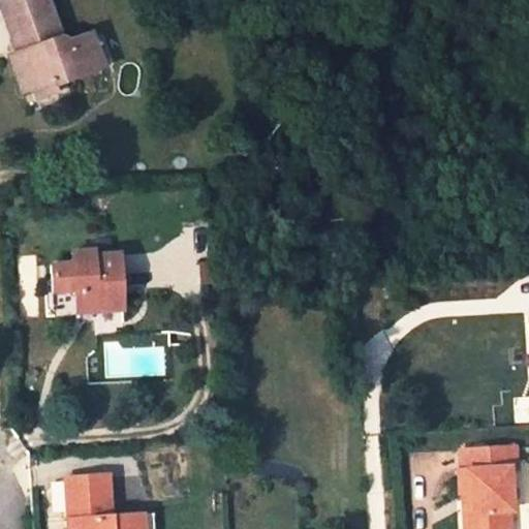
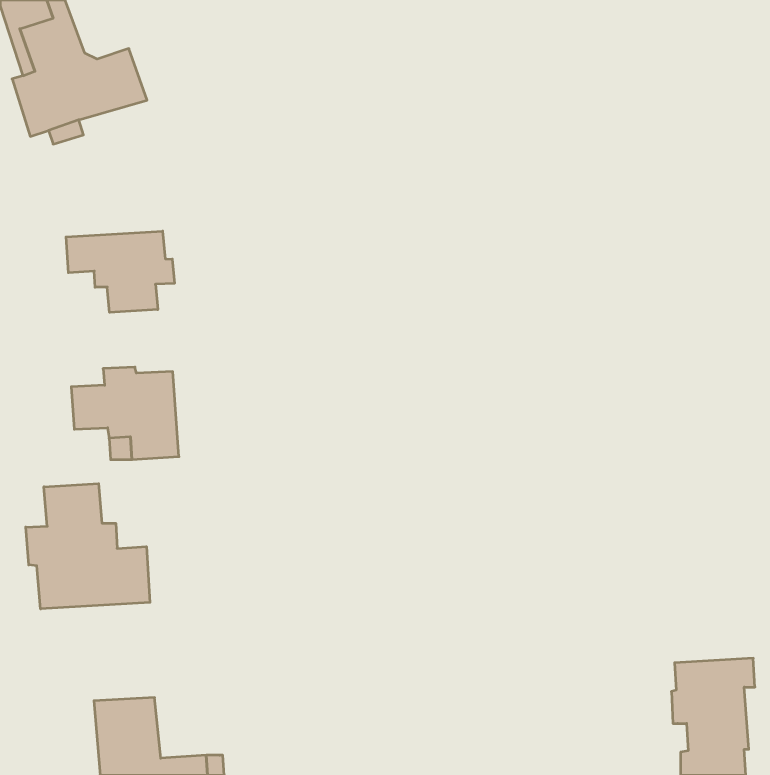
building: none -> [66,231,174,312]
building: none -> [26,484,150,609]

